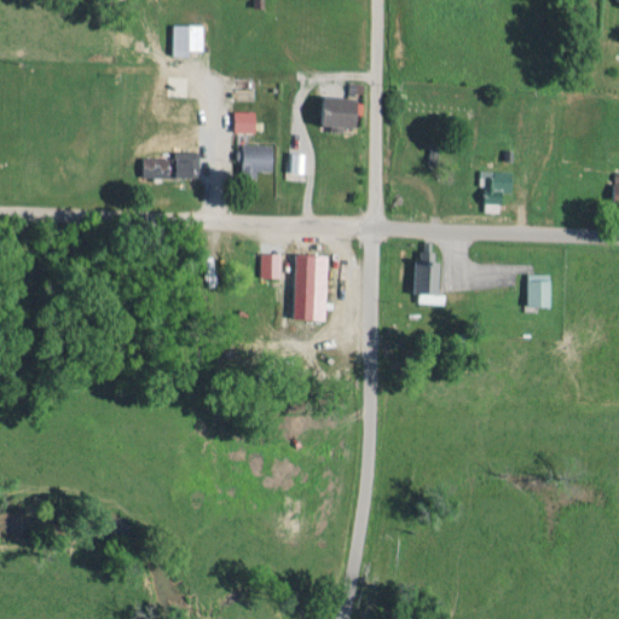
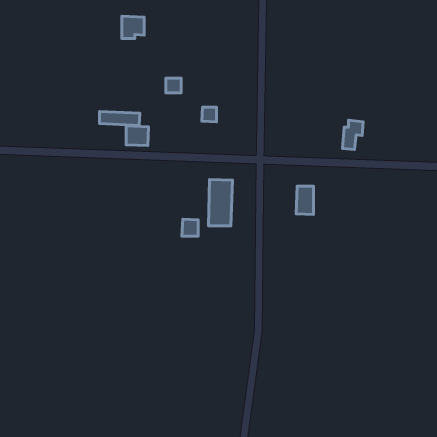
building: [319,98,360,127] -> none
building: [241,145,272,173] -> [126,126,149,146]
building: [258,254,280,278] -> [182,219,198,236]
building: [527,274,550,307] -> none

